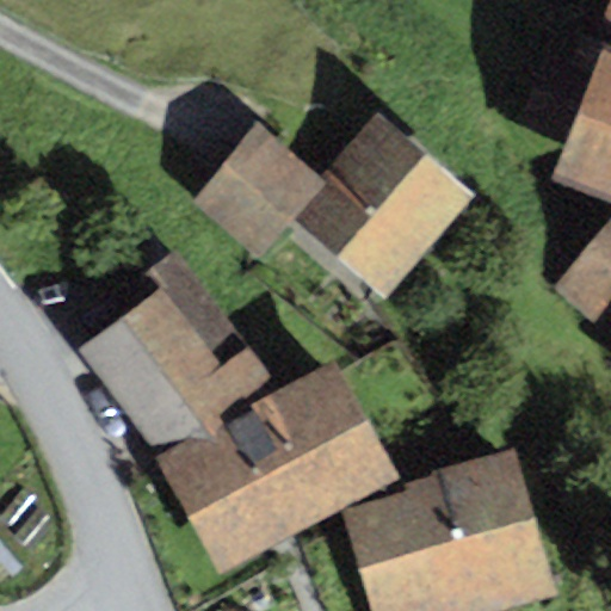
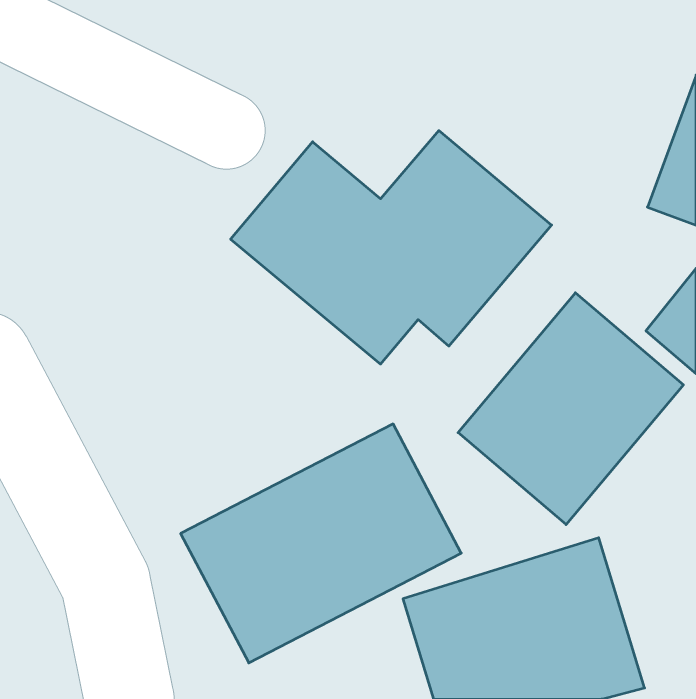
building: none -> [458,293,683,525]
building: [86,273,265,449] -> none

